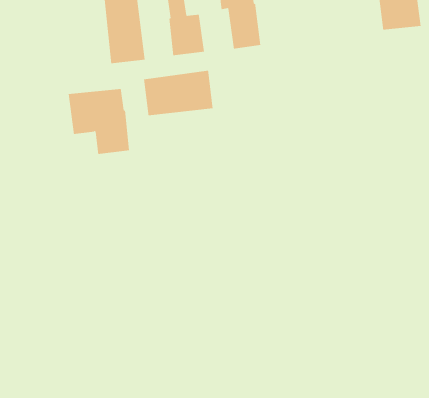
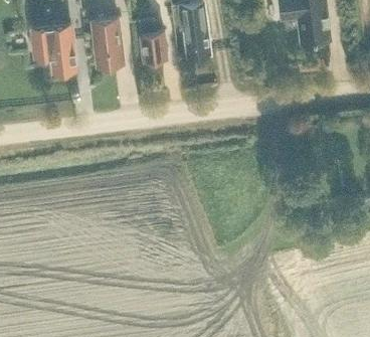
building: [144,70,213,116] -> none
building: [68,89,130,155] -> [31,26,77,75]

